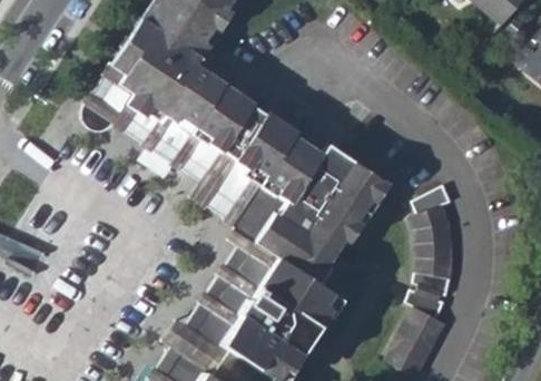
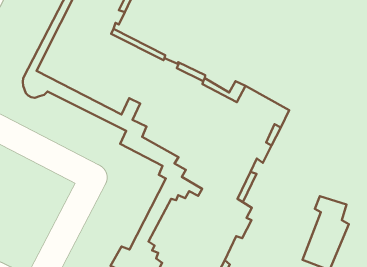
building: [414,184,456,293] -> none

